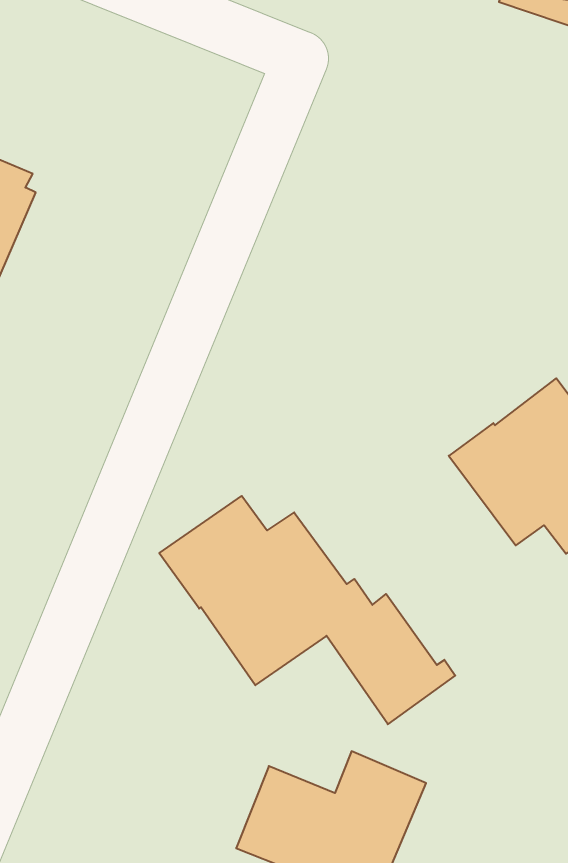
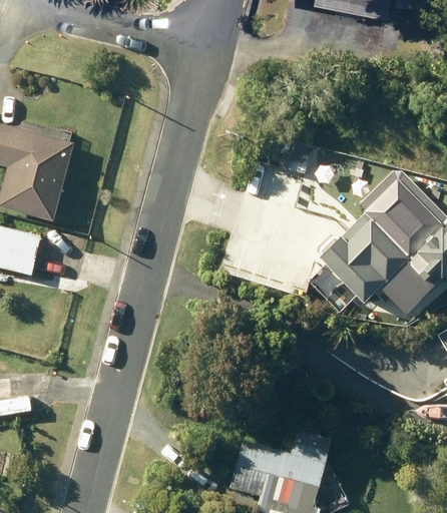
building: [159,496,455,724] -> none

